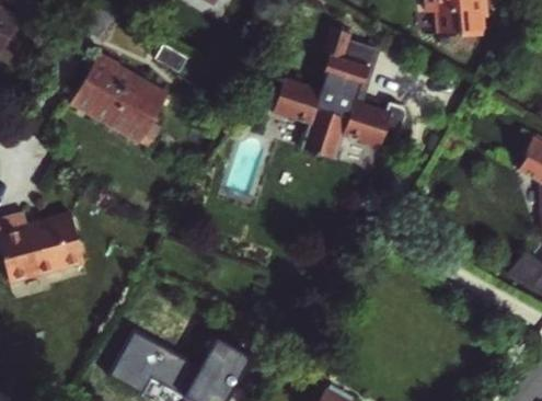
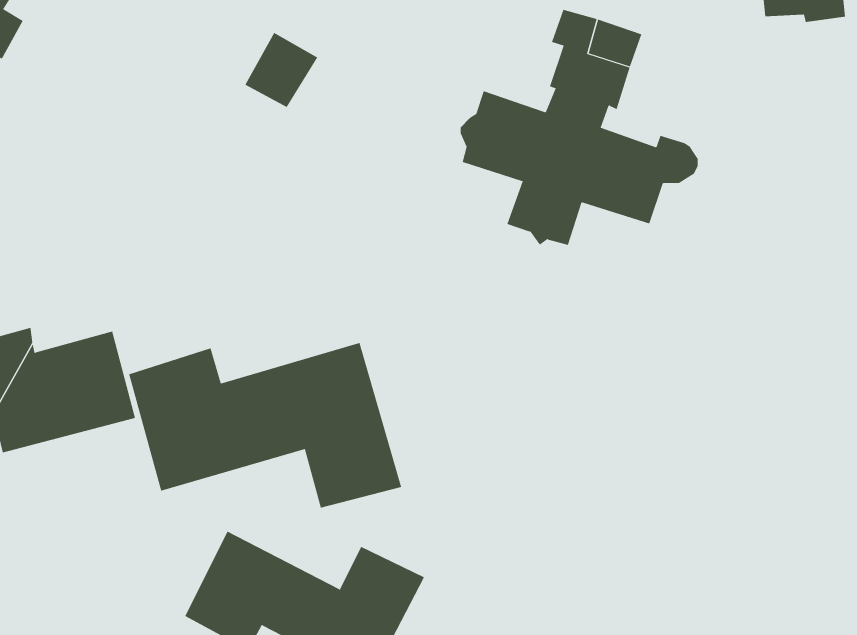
building: [72,55,168,157] -> none
building: none -> [129,342,402,509]

